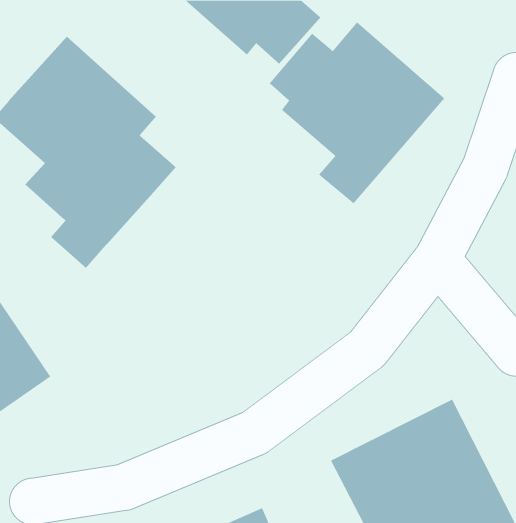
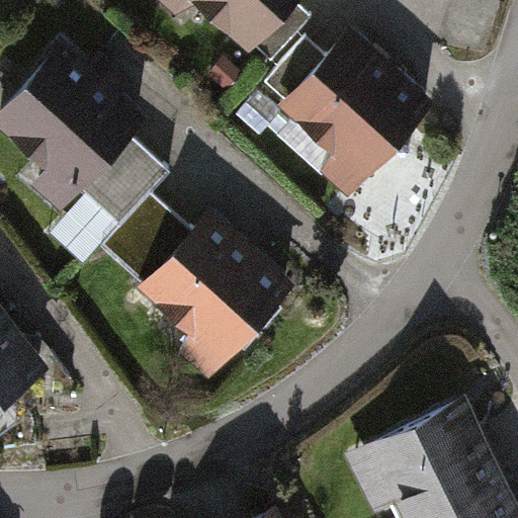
building: none -> [105,191,297,383]

